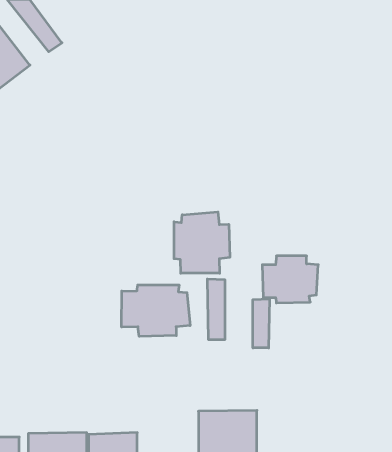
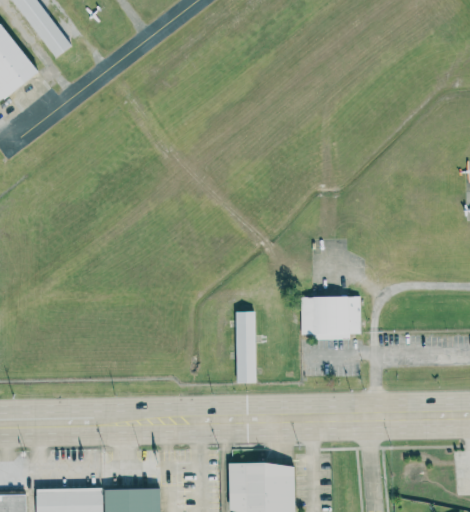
building: [174,212,230,273] -> none
building: [122,285,190,336] -> none
building: [253,299,269,348] -> none

